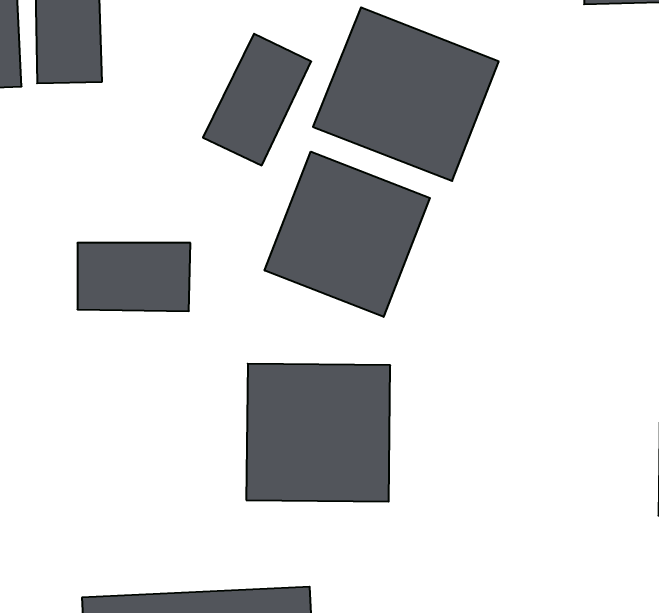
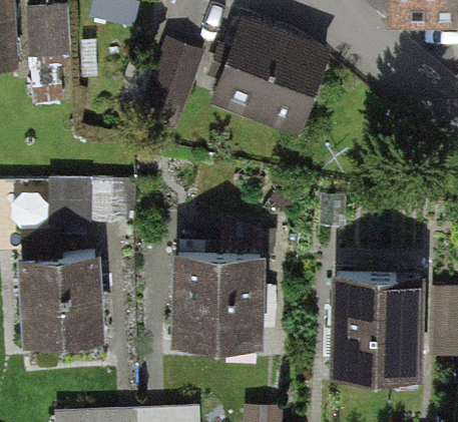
building: [265,152,430,317] -> none
building: none -> [16,254,104,339]
building: none -> [328,283,408,376]

